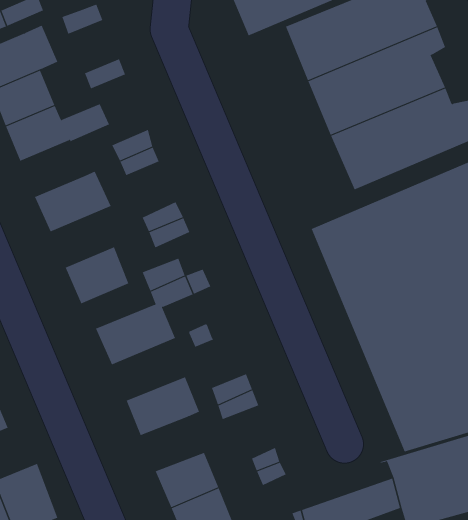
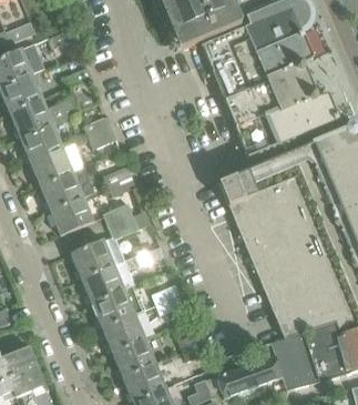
building: none -> [19,121,63,160]
building: none -> [40,165,94,209]
building: none -> [82,257,136,301]
building: none -> [102,312,146,350]

